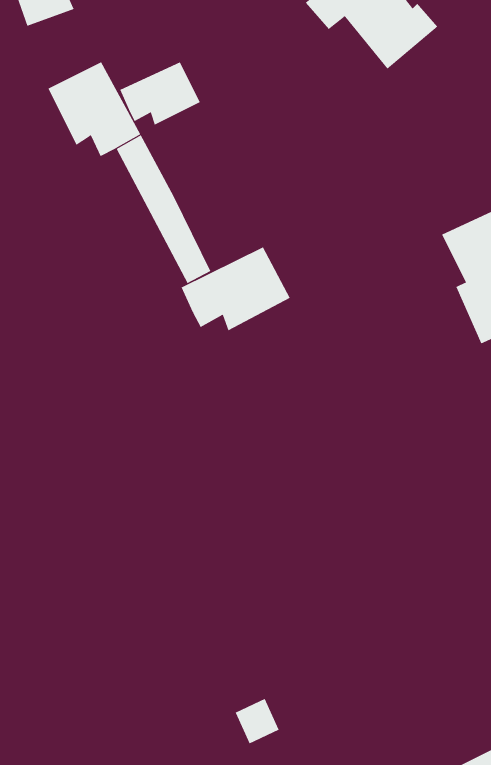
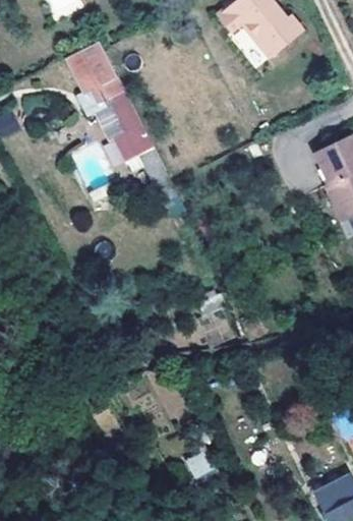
building: [120,62,201,125] -> none
building: [181,247,290,331] -> none

